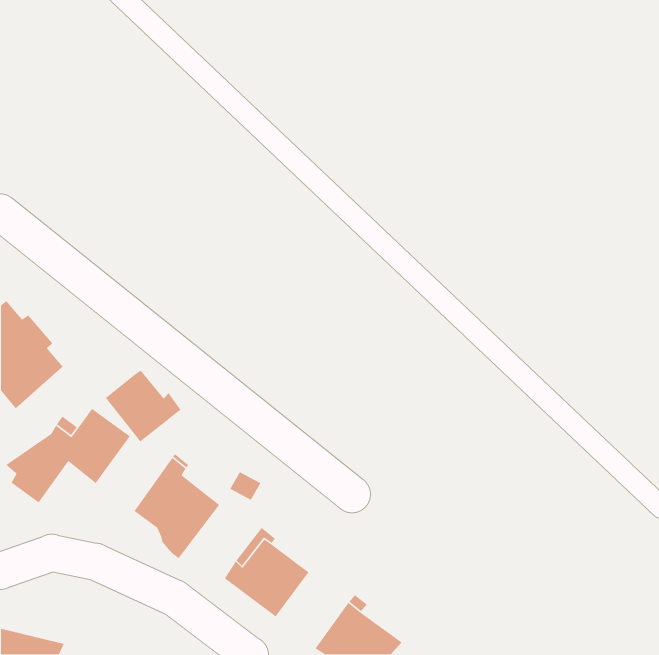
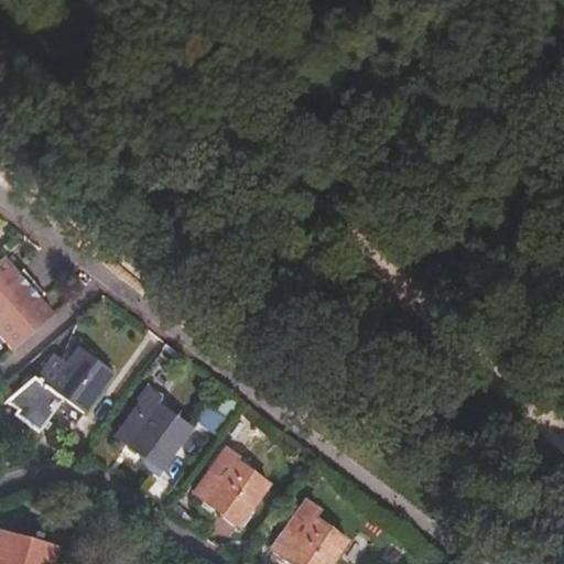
building: [105,369,181,443] -> none

